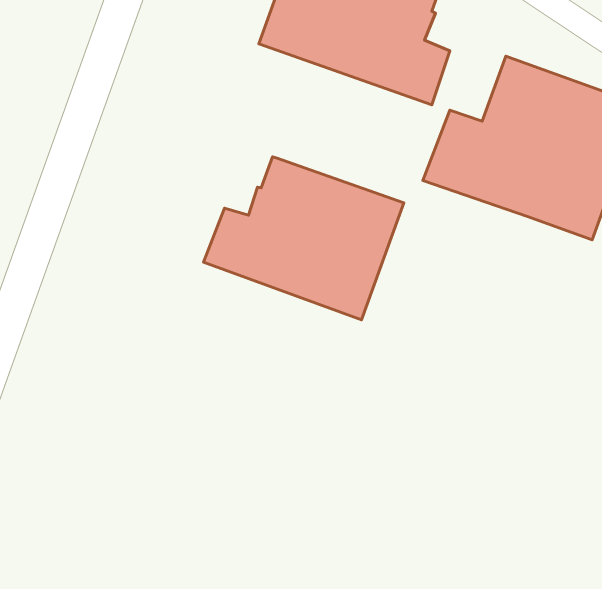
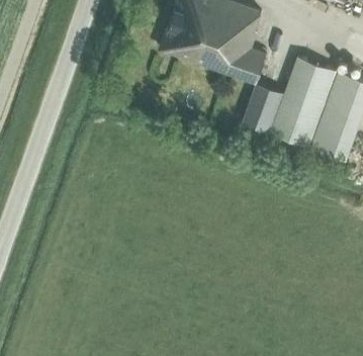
building: [204,157,404,320] -> none

